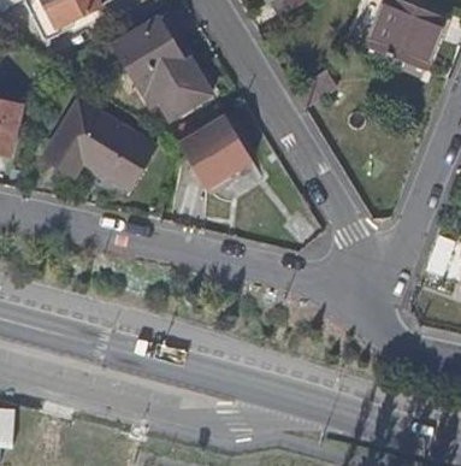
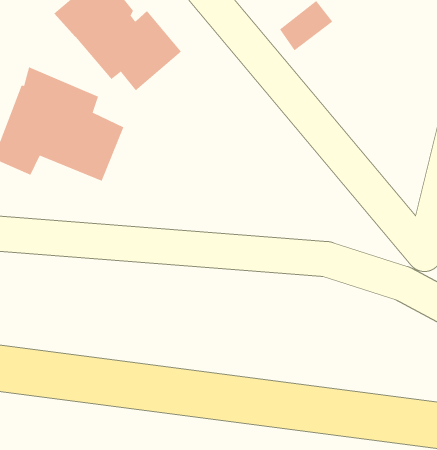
building: [176,114,253,190] -> none

